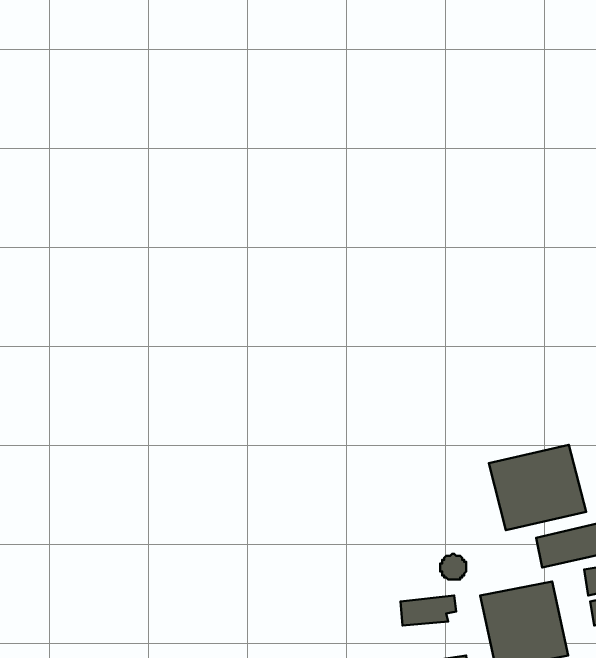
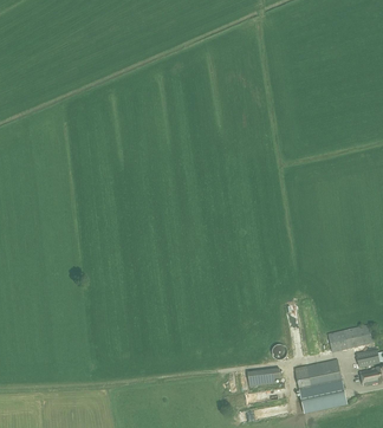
building: [489,445,586,530] -> none

